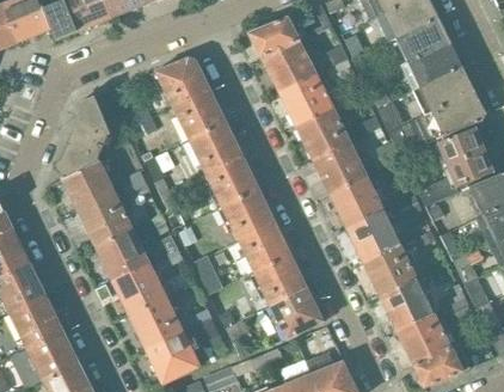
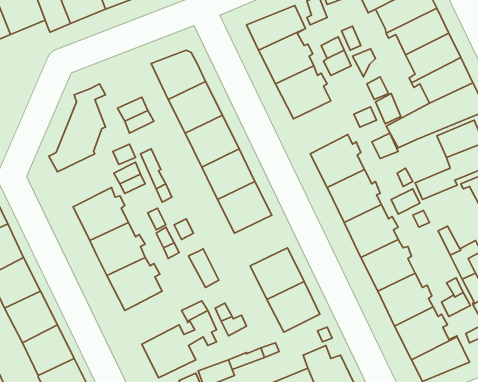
building: [296,109,350,161] -> none
building: [62,161,116,214] -> none
building: [238,222,290,272] -> none
building: [129,298,183,350] -> none

